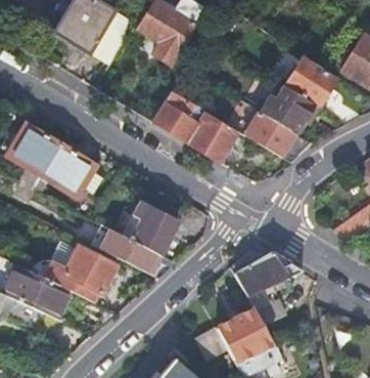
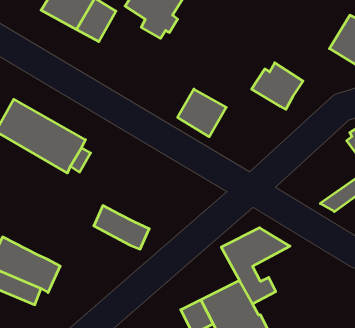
building: [282,52,333,103] -> none
building: [153,87,205,140] -> none
building: [243,108,310,160] -> none
building: [131,205,178,253] -> none
building: [57,246,114,302] -> none

